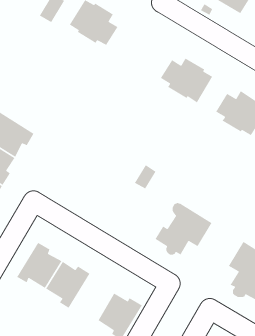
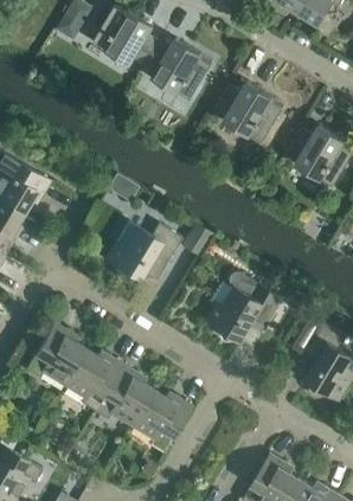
building: none -> [145,39,212,99]
building: none -> [105,223,182,282]
building: none -> [95,366,154,428]

